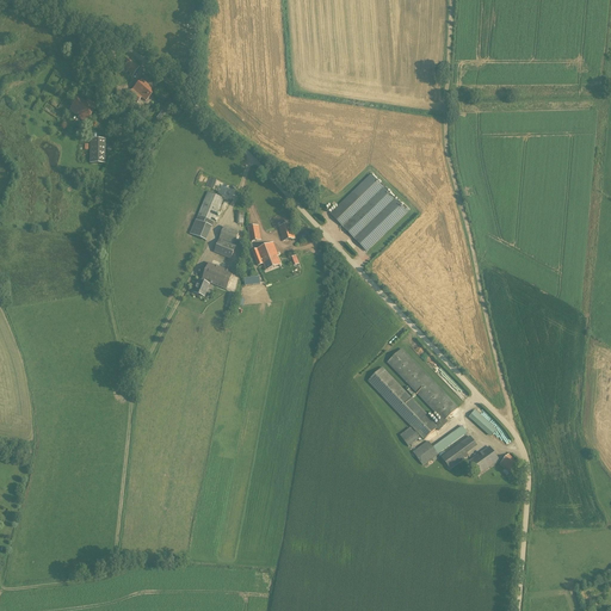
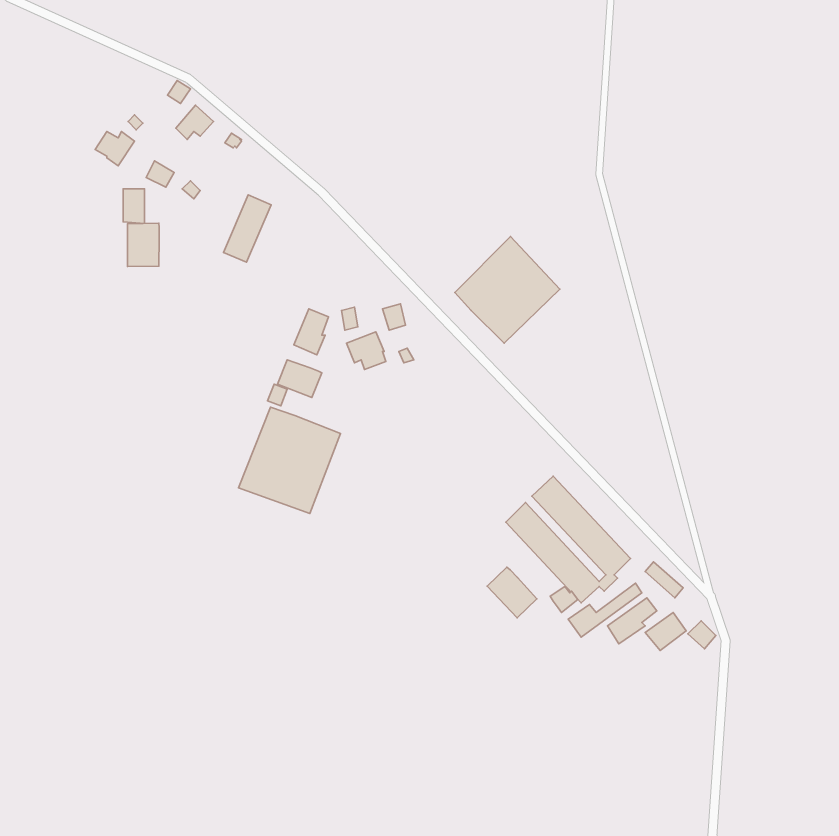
building: none -> [128,223,159,267]
building: [190,190,224,239] -> [223,195,271,262]
building: none -> [238,407,340,514]
building: none -> [487,567,537,618]

